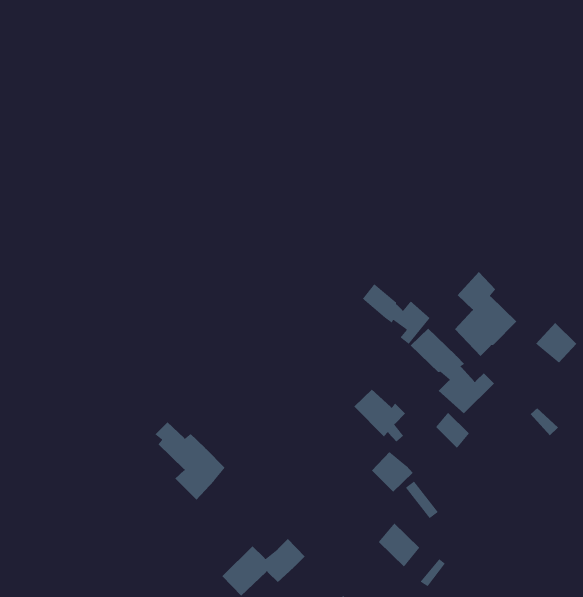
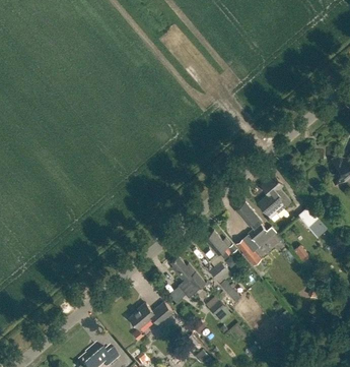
building: [362,283,430,345] -> none
building: [155,421,226,501] -> [170,256,205,298]

